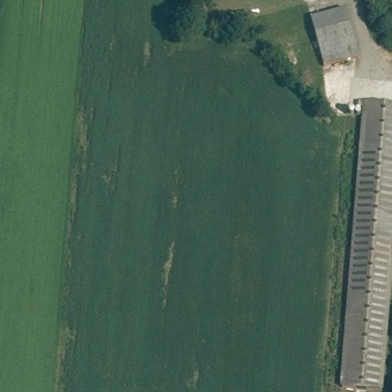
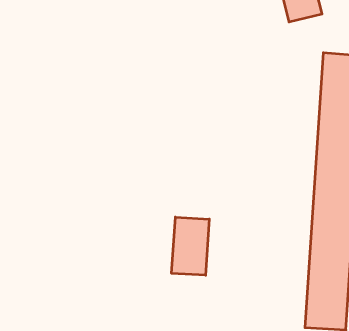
building: none -> [172,217,209,275]

